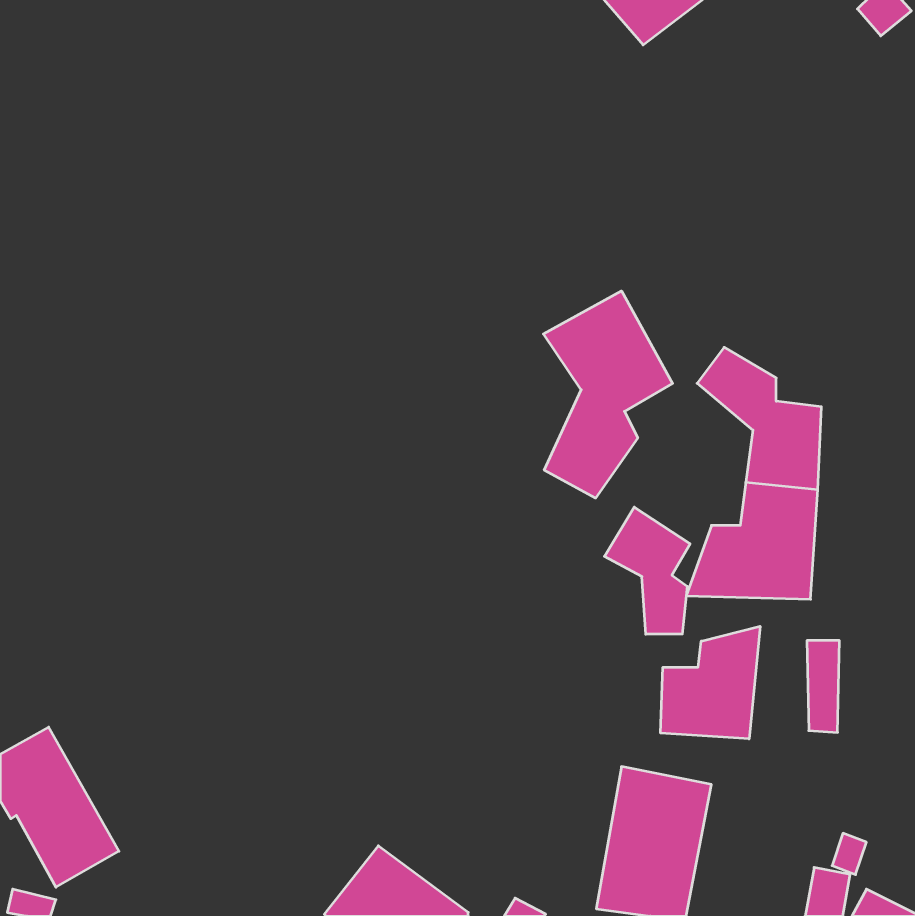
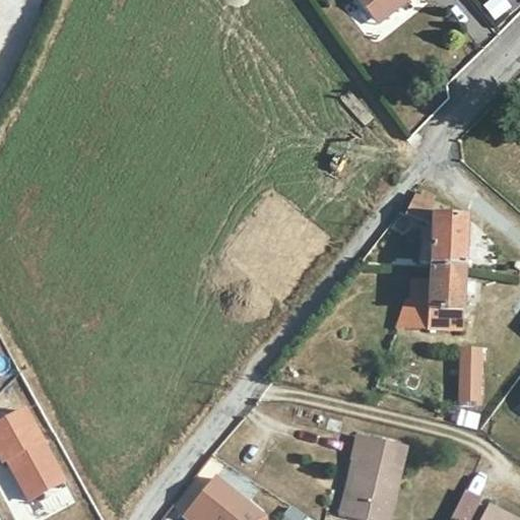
building: [543,291,673,498] -> none
building: [604,507,690,634] -> none
building: [661,626,760,739] -> none

